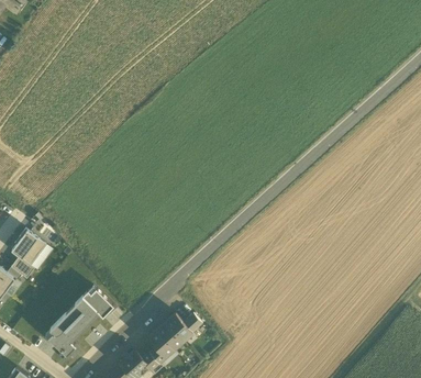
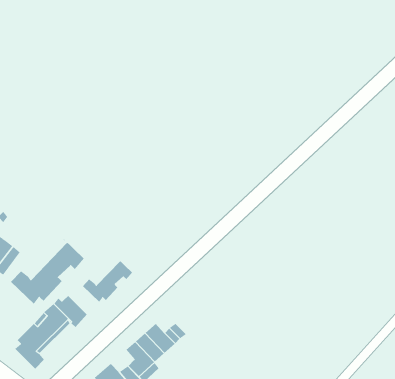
building: none -> [10,239,85,304]
building: none -> [82,258,133,303]

